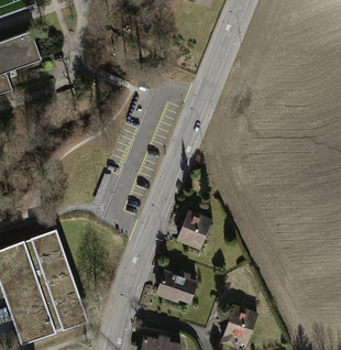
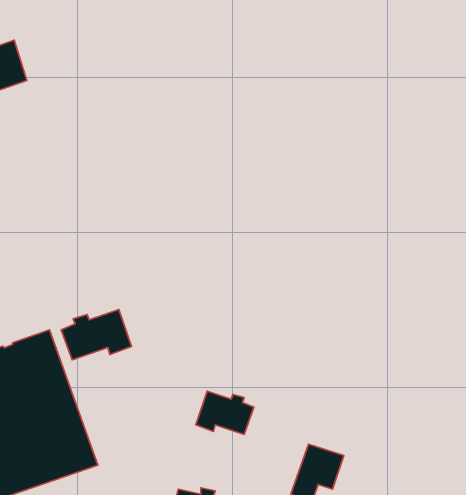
building: [177,214,210,245] -> none
building: none -> [61,309,132,360]

